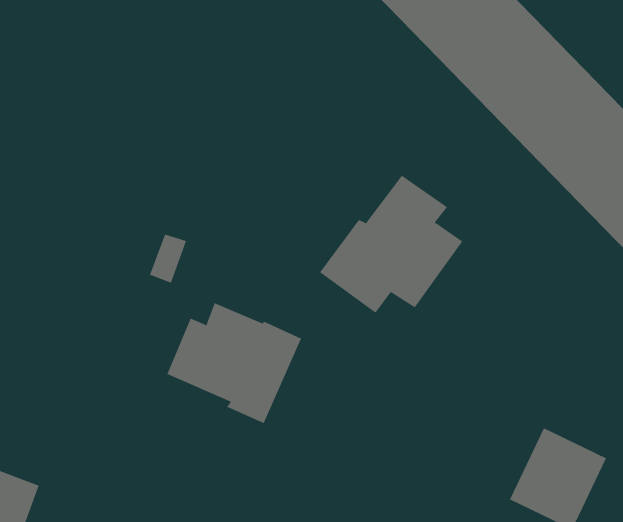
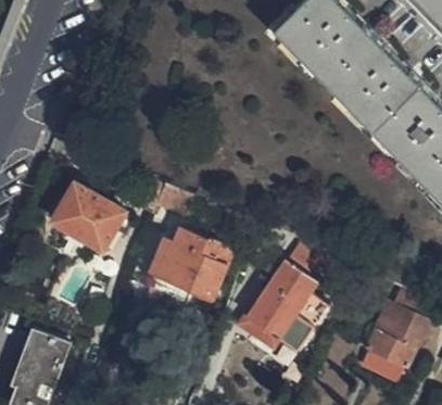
building: [319,175,463,313] -> [232,267,324,355]
building: none -> [51,186,121,250]

